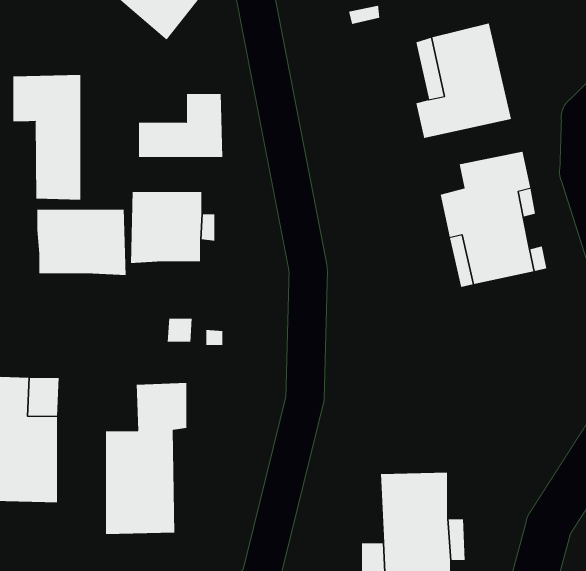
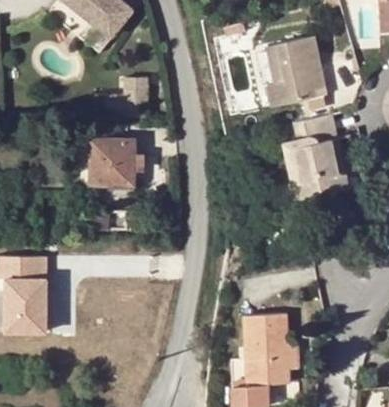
building: [13,74,81,200] -> none
building: [37,209,126,276] -> none
building: [106,382,187,535] -> none

